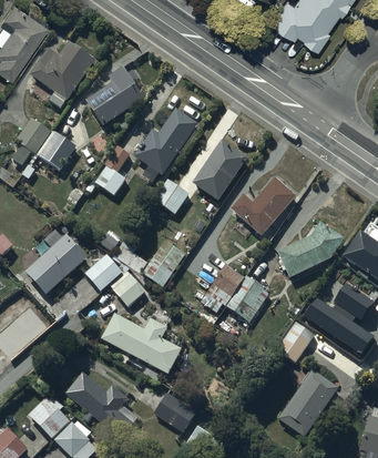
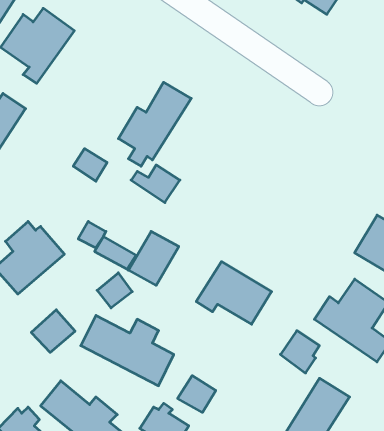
building: [86,67,141,125] -> none
building: [41,134,74,169] -> none
building: [192,141,248,221] -> none
building: [228,177,295,236] -> none
building: [276,224,341,278] -> none
building: [85,254,124,292] -> [31,310,75,352]
building: none -> [178,376,216,412]

